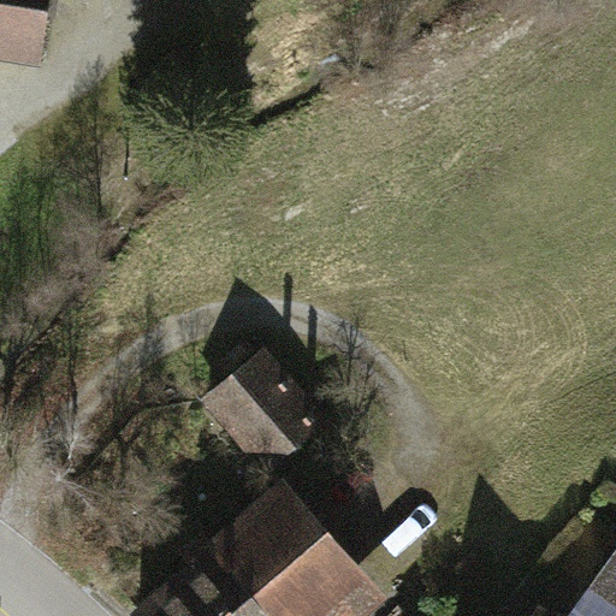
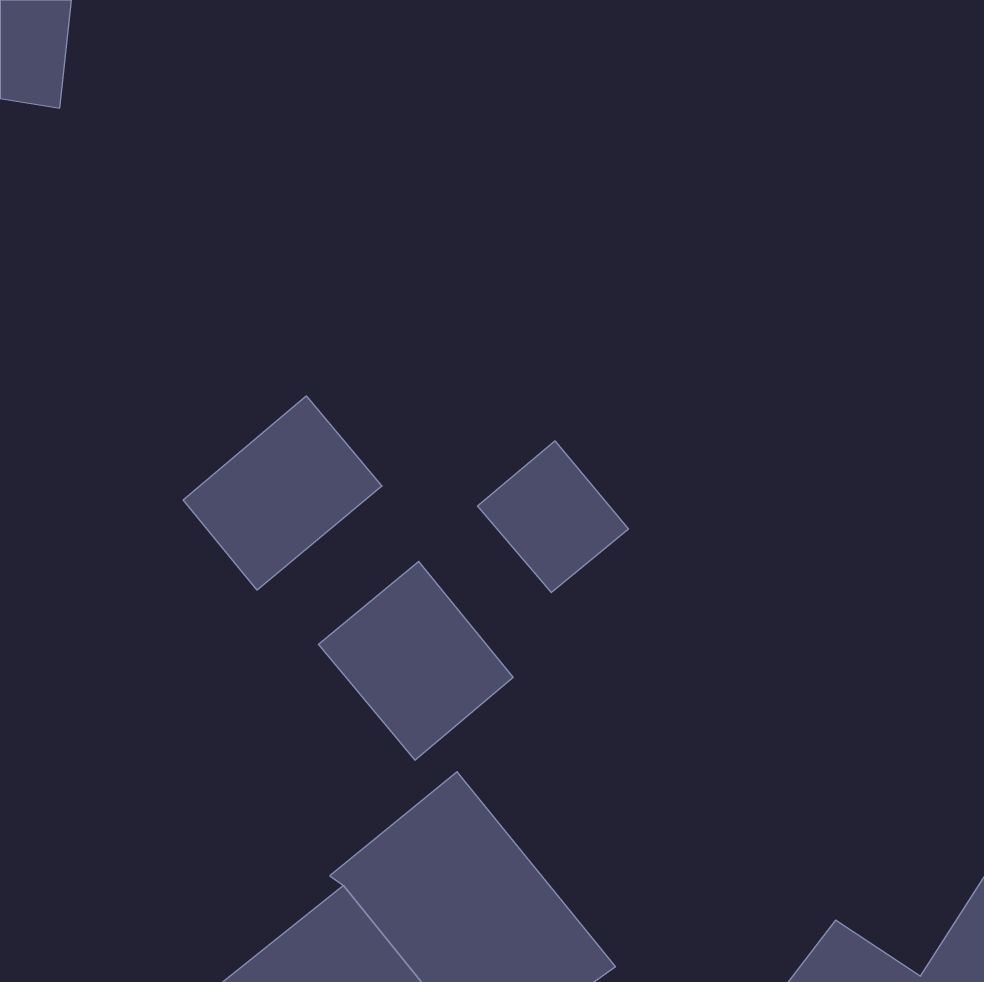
building: none -> [183,396,382,590]
building: none -> [478,441,628,593]

